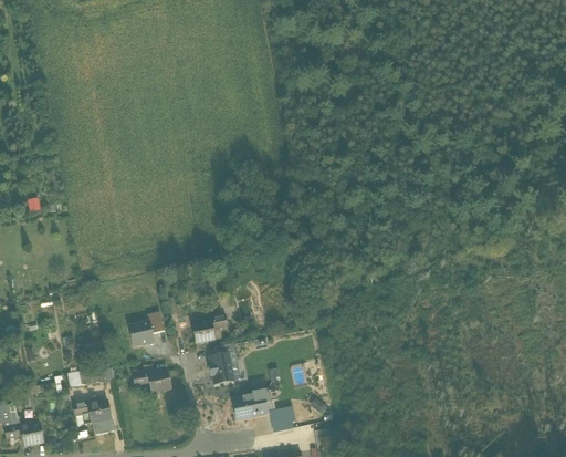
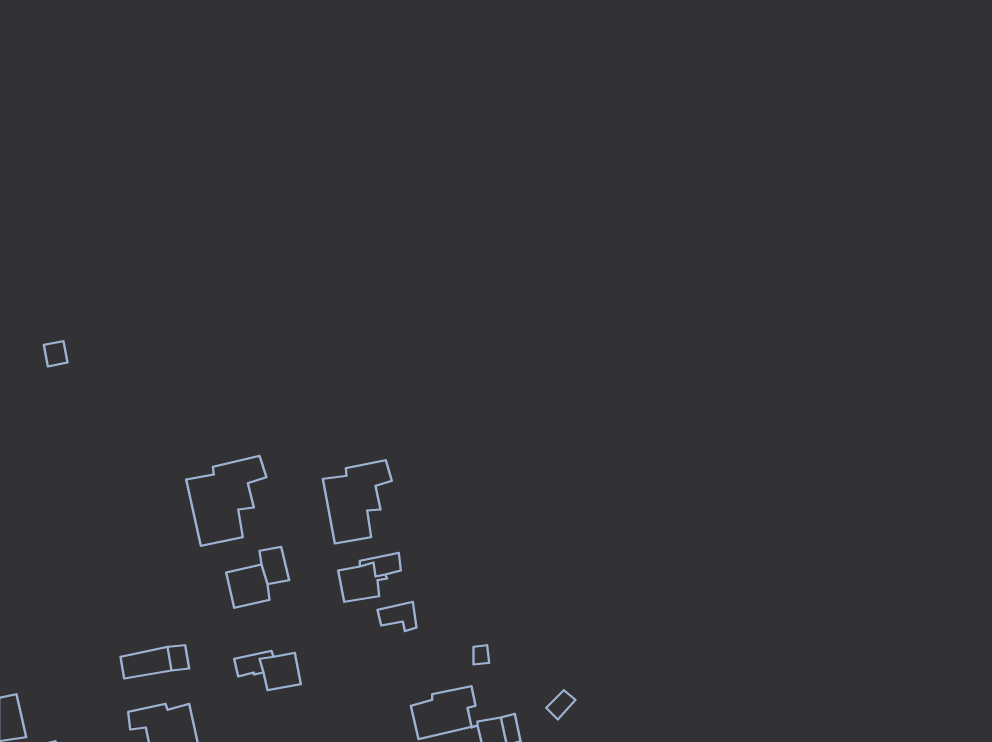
building: none -> [186,456,267,546]
building: none -> [323,460,392,544]
building: [209,354,232,384] -> none

